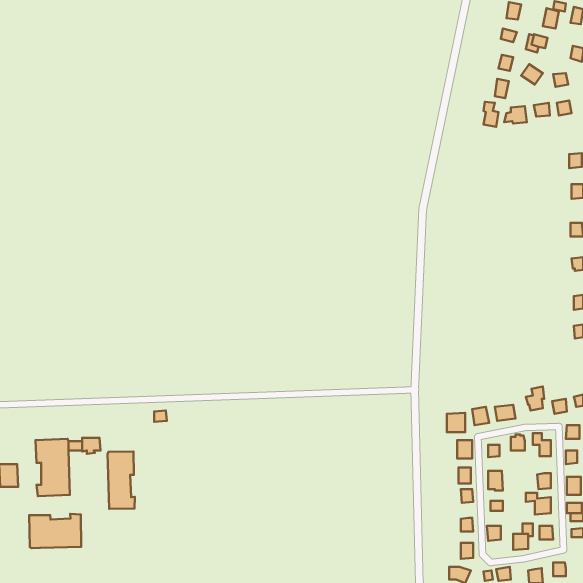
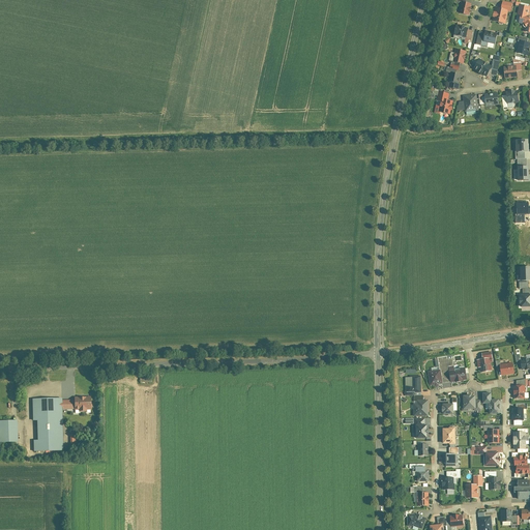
building: [108,451,135,509] -> none
building: [29,514,81,548] -> none

